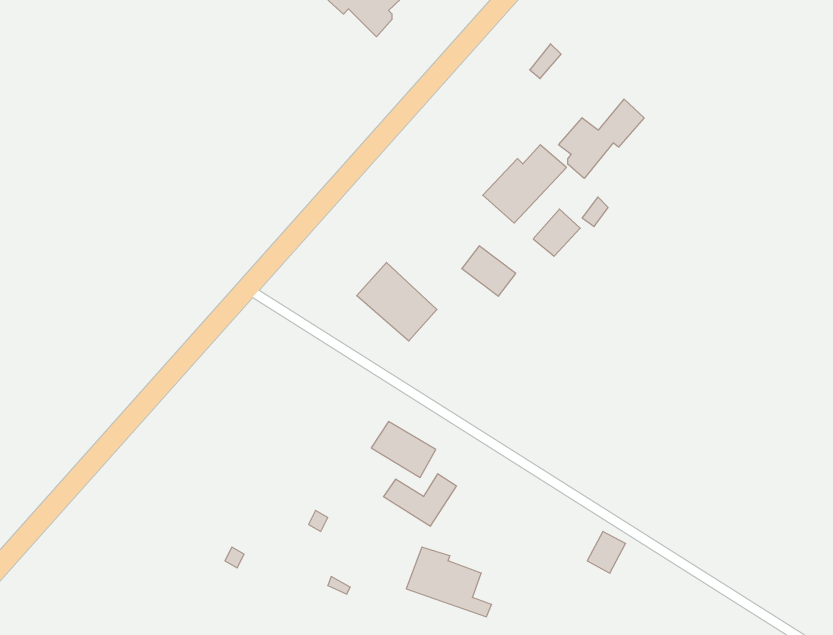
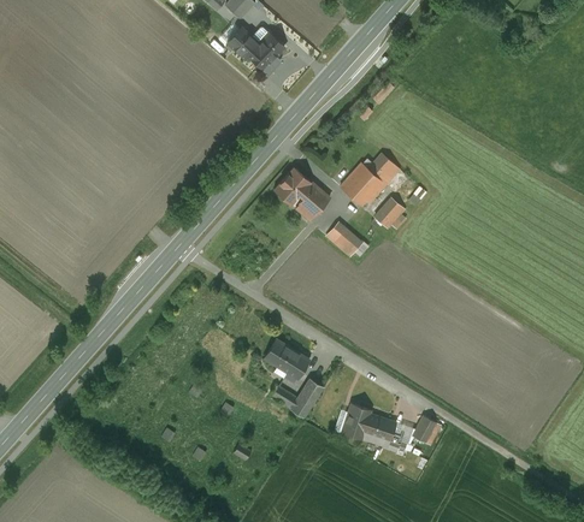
building: [559,99,644,178] -> none
building: [357,262,437,341] -> [273,167,329,221]
building: [406,547,492,617] -> [341,404,400,452]

